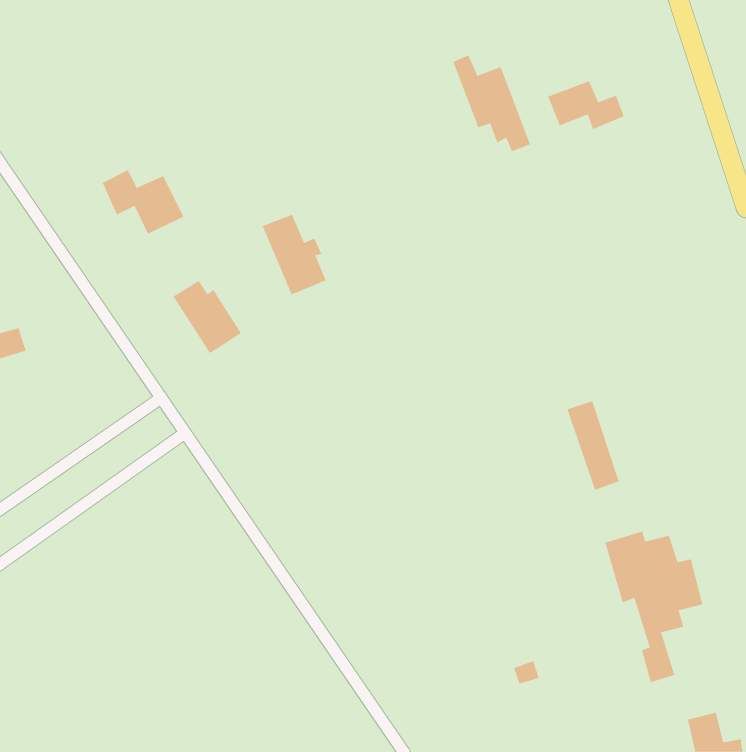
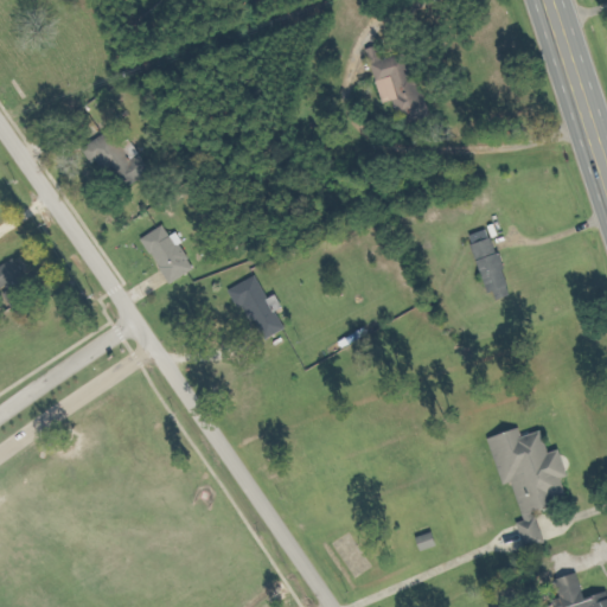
building: [548,81,625,130] -> none
building: [262,214,327,295] -> [231,276,283,341]
building: [566,400,620,490] -> [466,229,509,301]

